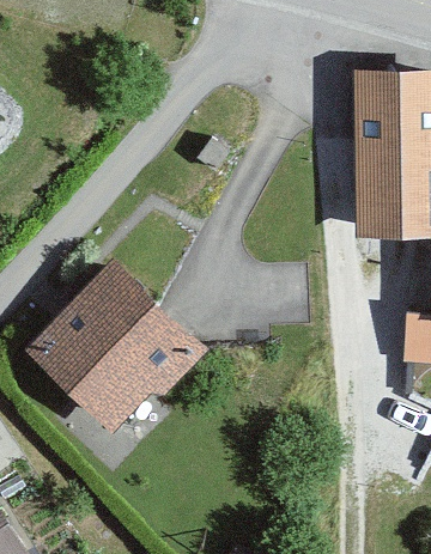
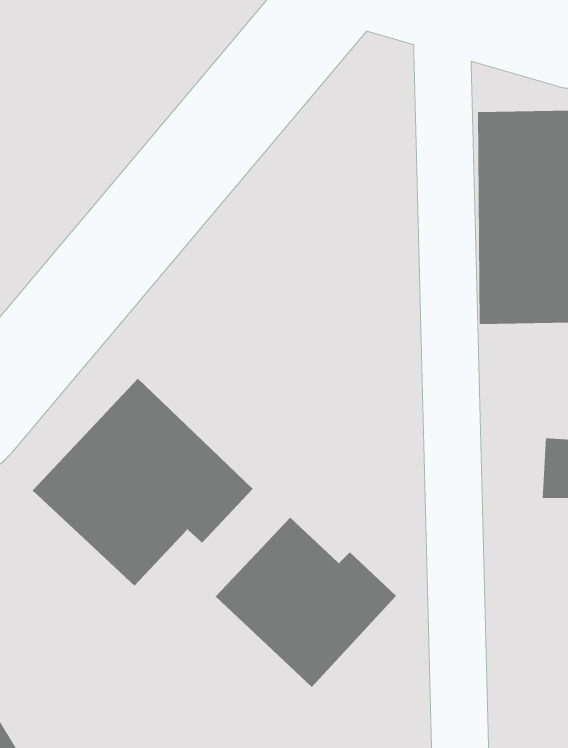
building: none -> [215,517,397,688]

